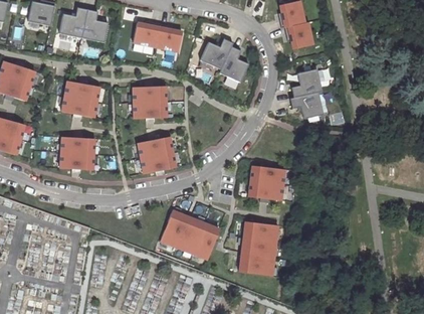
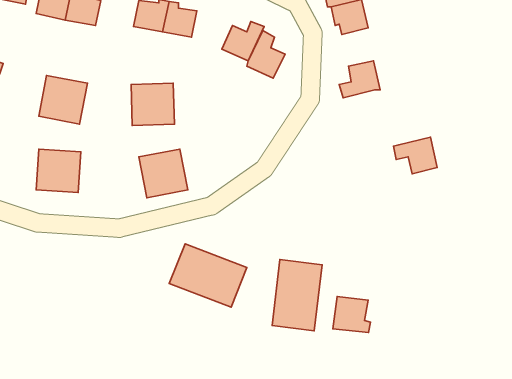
building: [289,92,323,120] -> [394,137,437,174]
building: [248,165,283,200] -> none
building: none -> [333,296,370,332]

